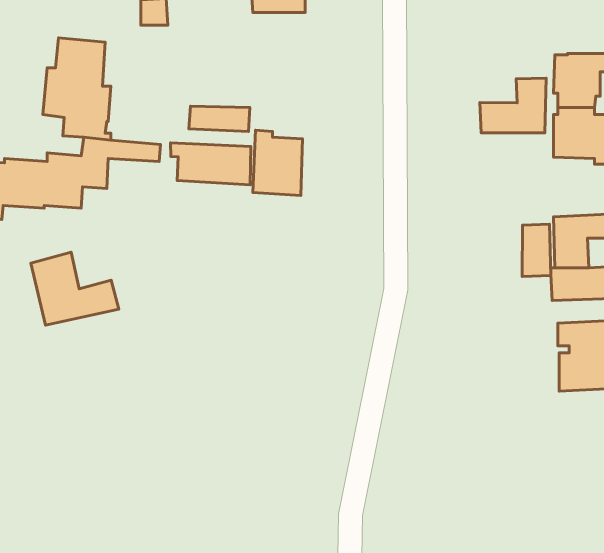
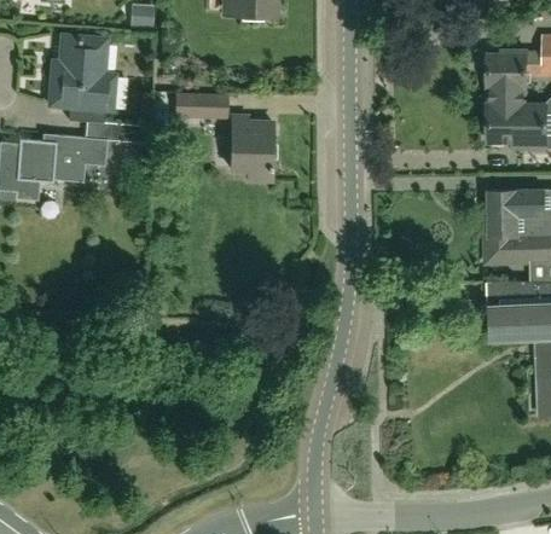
building: [480,78,546,133] -> none
building: [171,143,251,185] -> none
building: [522,224,551,277] -> none
building: [31,252,119,325] -> none

